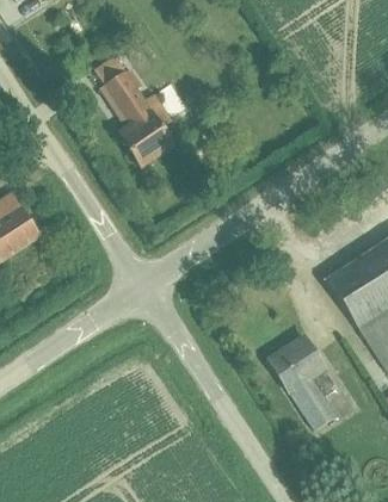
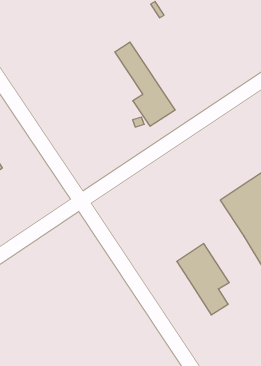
building: [94,55,174,166] -> [115,42,175,126]

